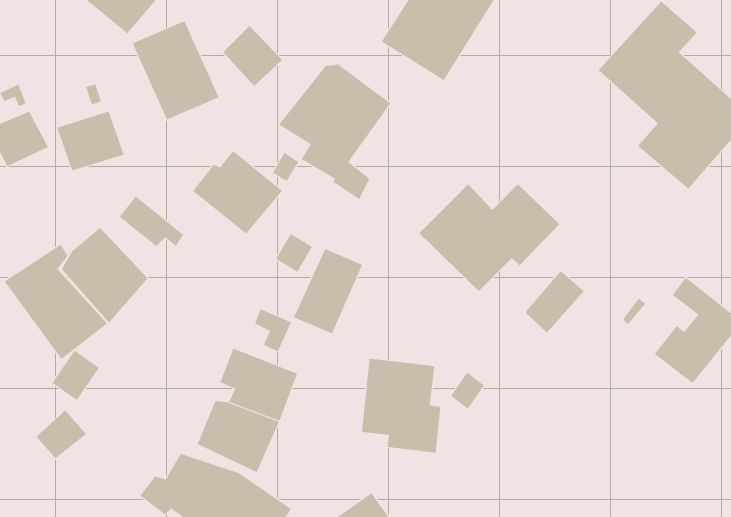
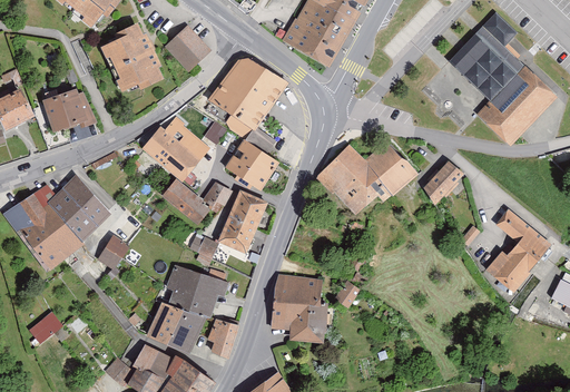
building: none -> [226,138,281,189]
building: [119,196,184,247] -> [164,178,212,216]
building: [524,270,585,333] -> [420,155,464,202]
building: [51,350,100,401] -> [97,232,132,270]
building: none -> [205,316,239,360]

